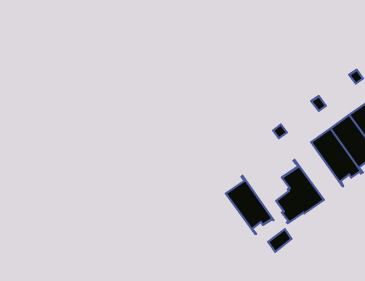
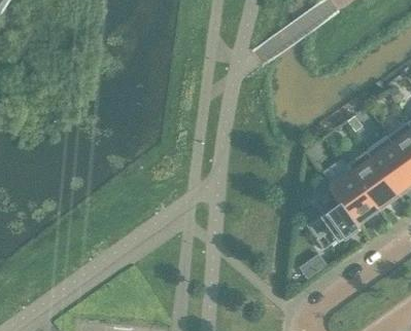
building: [226,176,274,234] -> [330,163,380,224]

